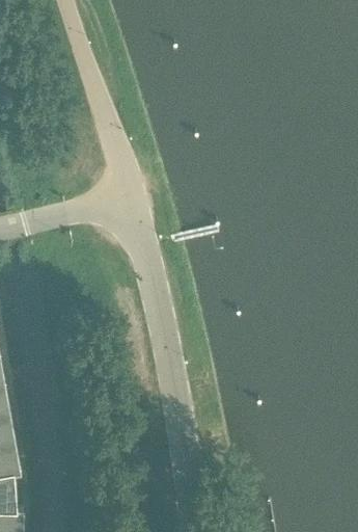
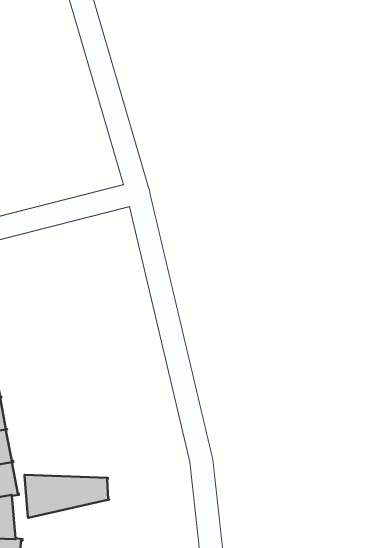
building: none -> [24,475,109,518]

